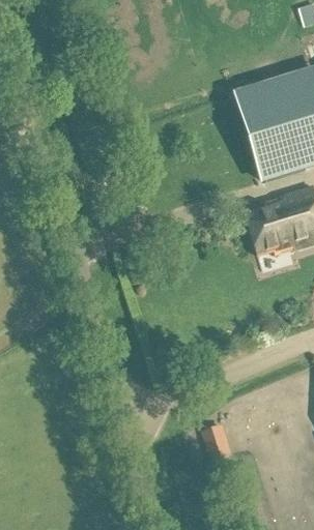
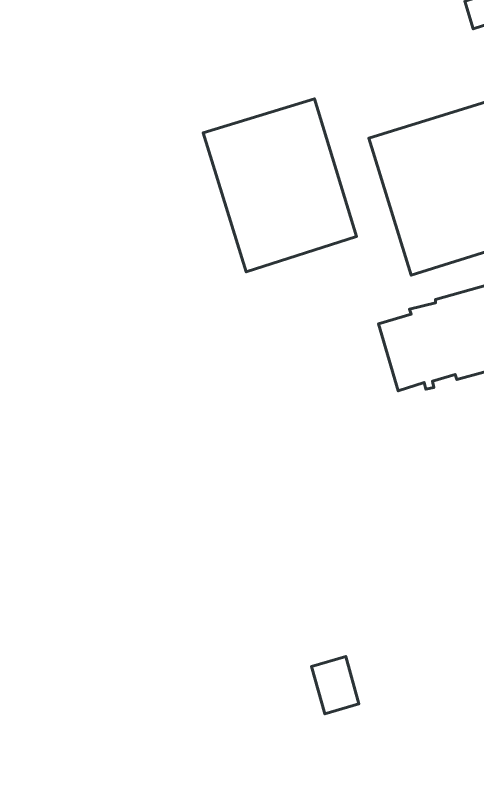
building: none -> [203,99,356,272]

